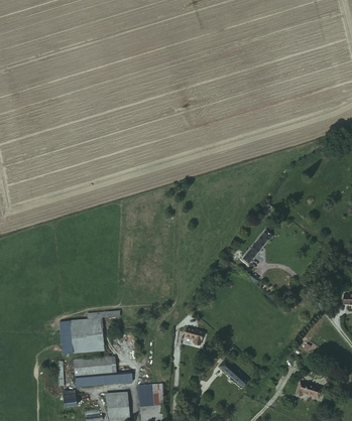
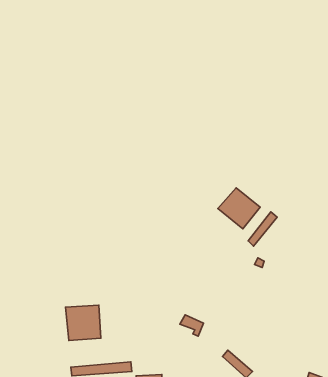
building: none -> [218,188,260,229]
building: [73,358,110,375] -> none

